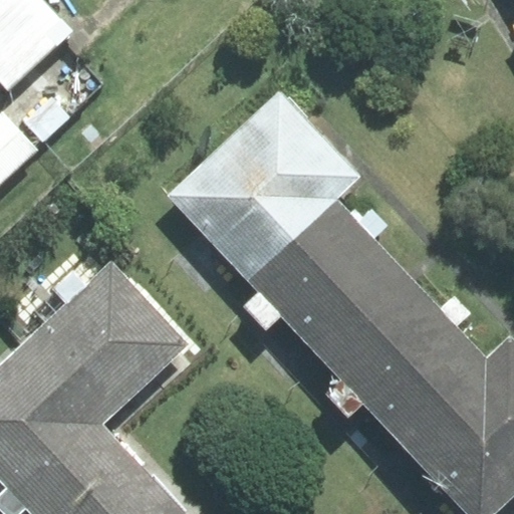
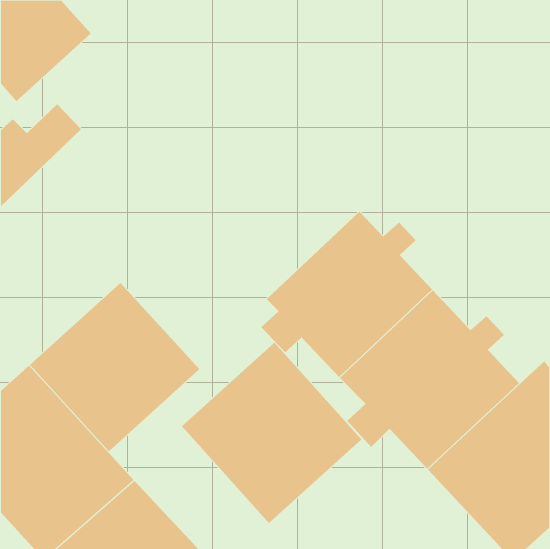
building: [168,91,358,280] -> none
building: none -> [181,342,362,524]

